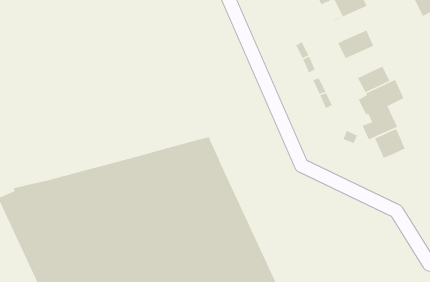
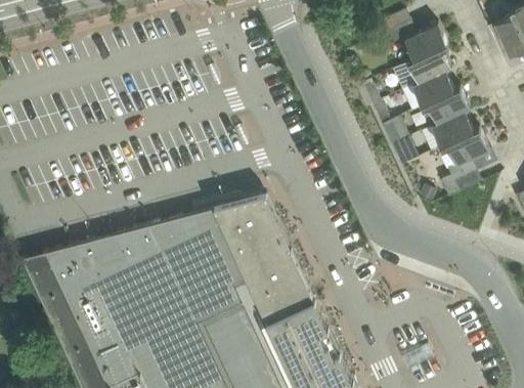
building: none -> [408,45,451,84]
building: none -> [419,88,470,130]
building: [374,126,406,159] -> none

